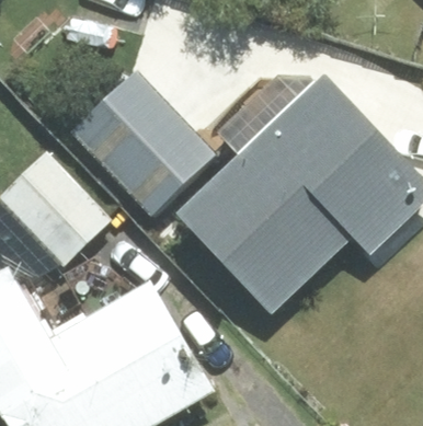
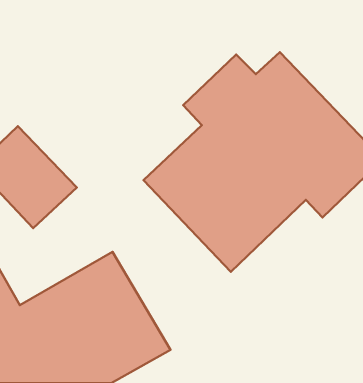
building: [76,74,214,212] -> none

